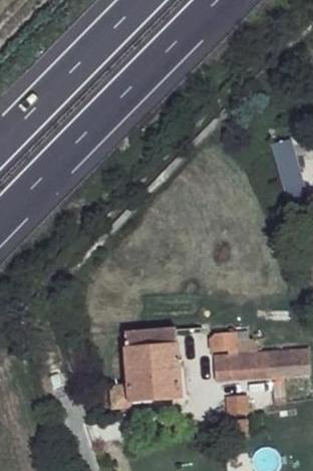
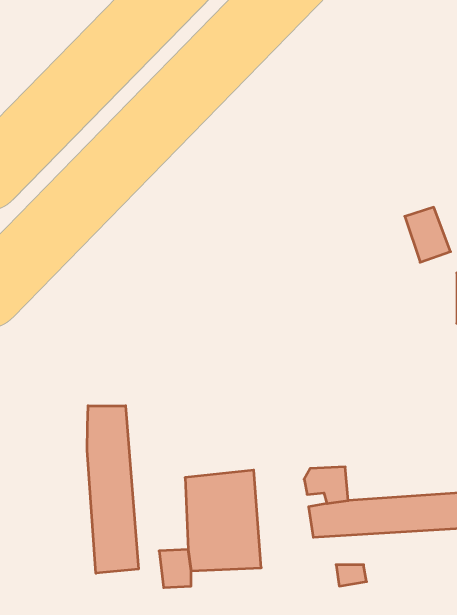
building: none -> [87,406,138,573]

